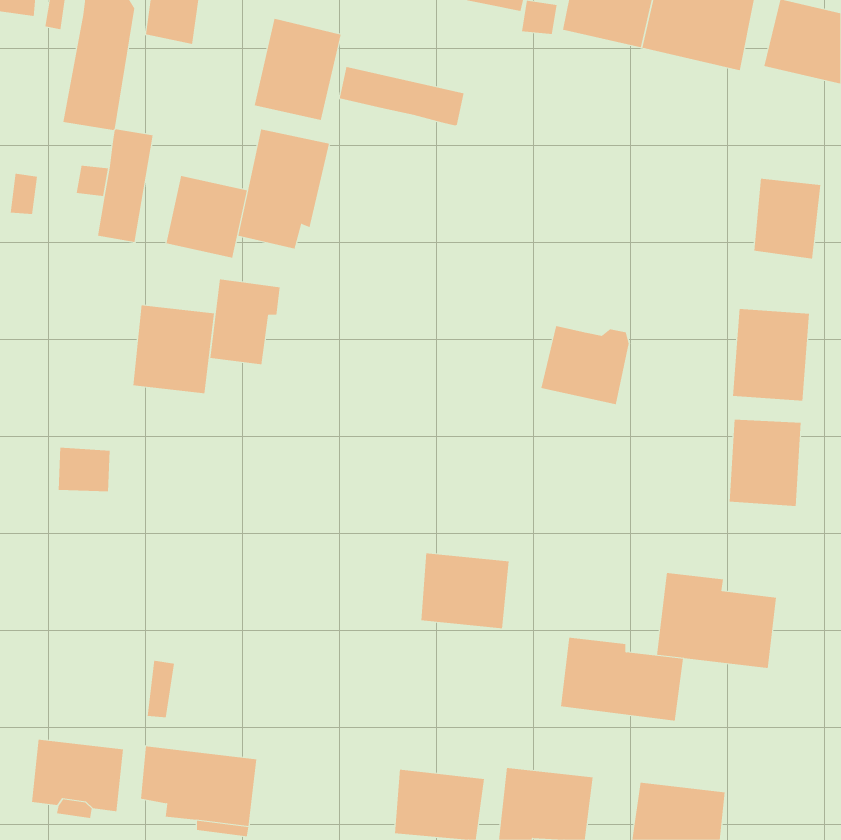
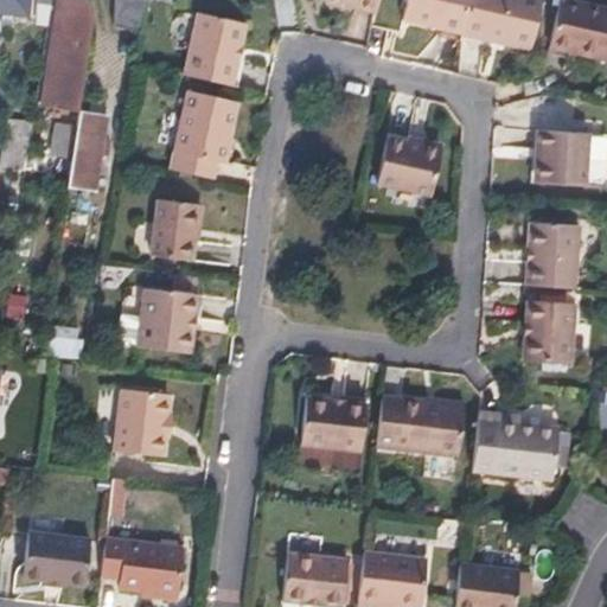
building: [339,66,464,126] -> none
building: [166,175,247,258] -> none
building: [132,305,215,394] -> [136,290,196,354]
building: [541,325,630,405] -> [377,140,441,197]
building: none -> [113,388,170,454]
building: [560,637,684,721] -> [376,395,465,455]

